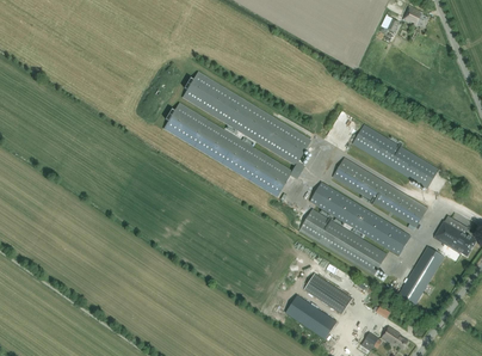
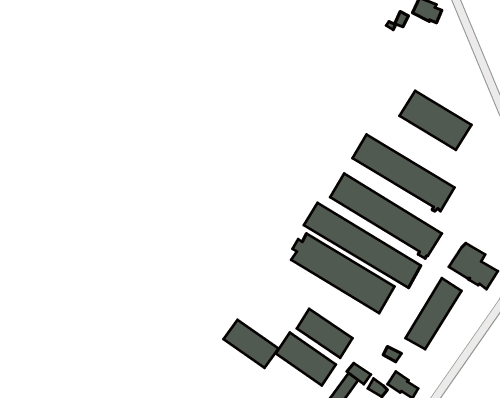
building: [163,72,310,196] -> none
building: none -> [399,91,472,150]
building: none -> [223,320,278,368]

